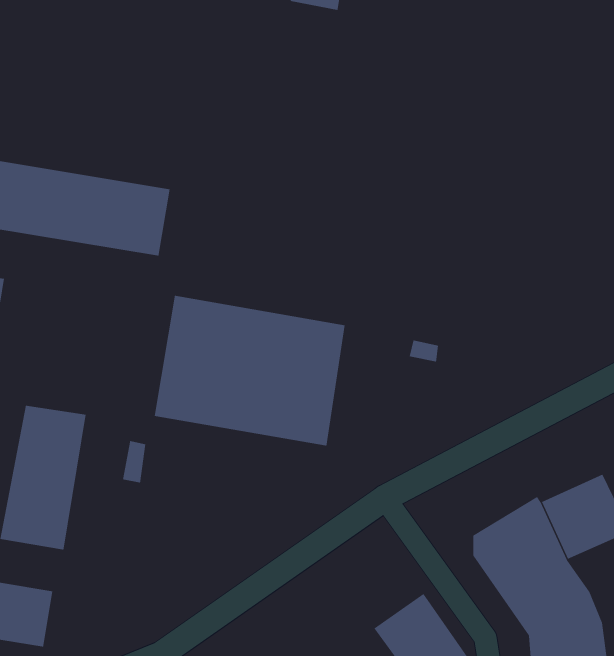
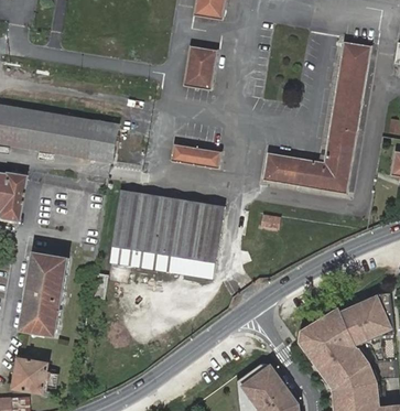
building: none -> [264,41,371,188]
building: none -> [182,46,217,88]
building: none -> [167,145,219,171]

